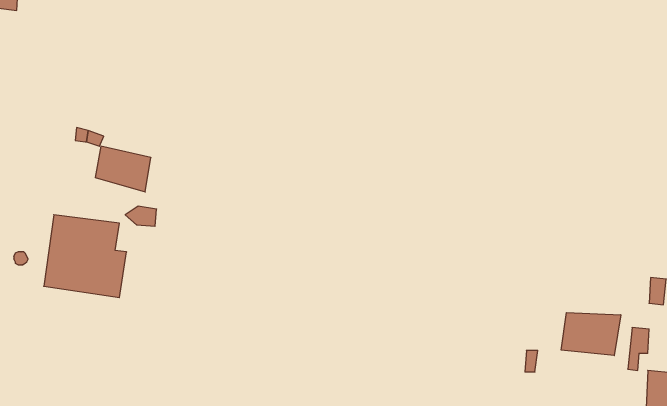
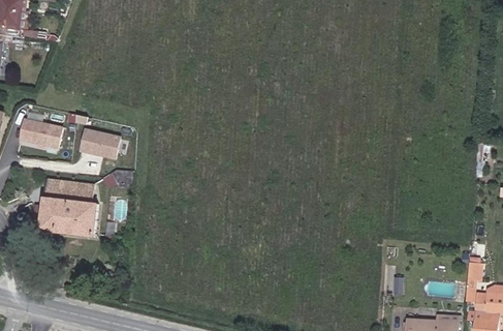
building: none -> [17,117,61,150]
building: [561,313,621,356] -> none

